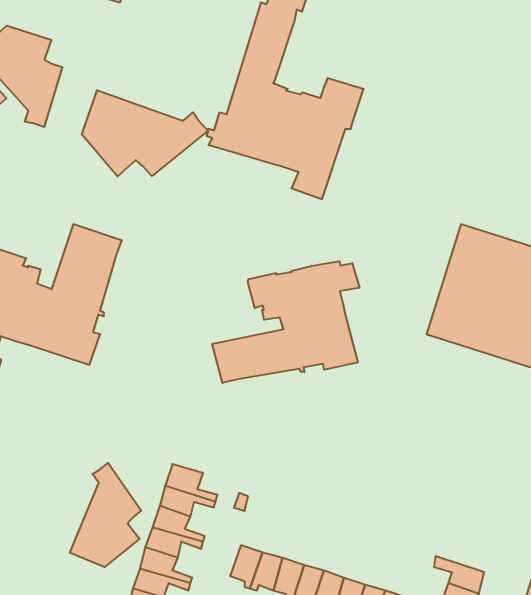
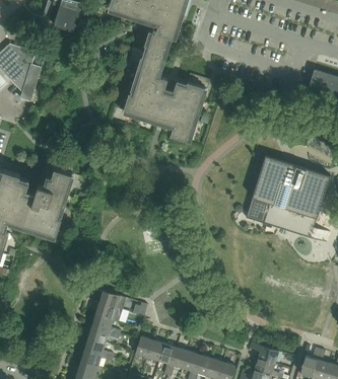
building: [82,90,208,176] -> none
building: [212,261,359,383] -> none
building: [70,463,141,567] -> none

